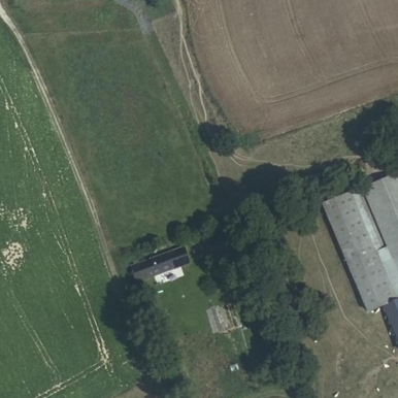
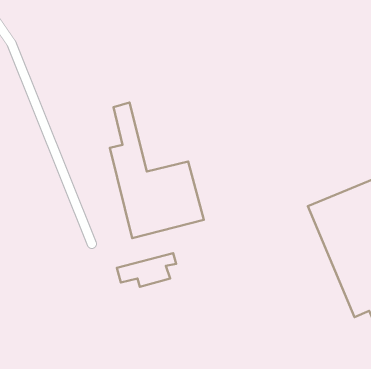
building: none -> [110,103,204,238]

